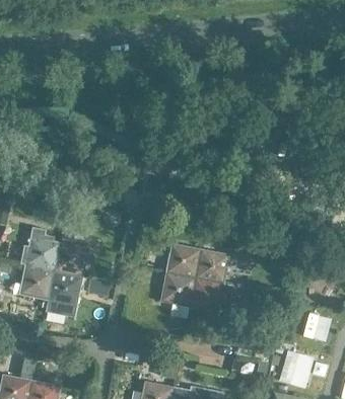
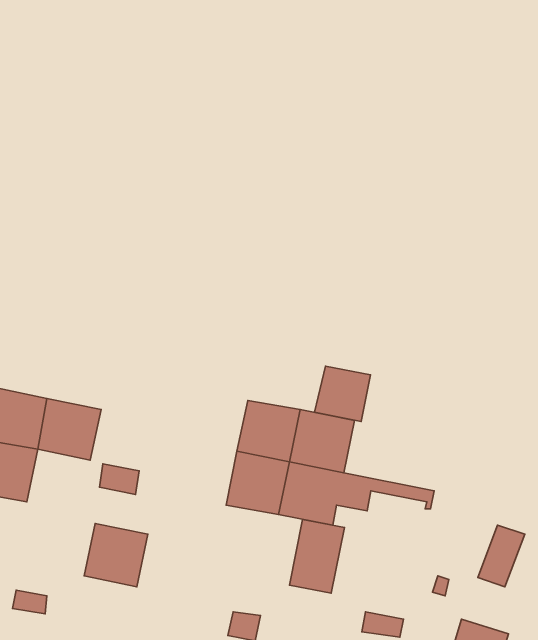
building: none -> [314,366,371,422]
building: [48,270,83,306] -> [84,523,148,587]
building: none -> [289,519,344,593]

